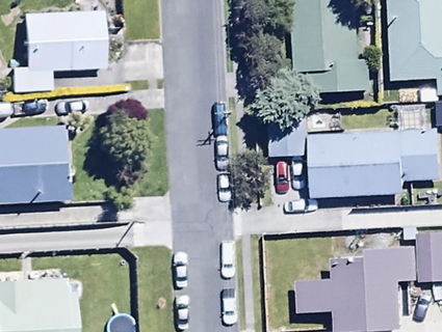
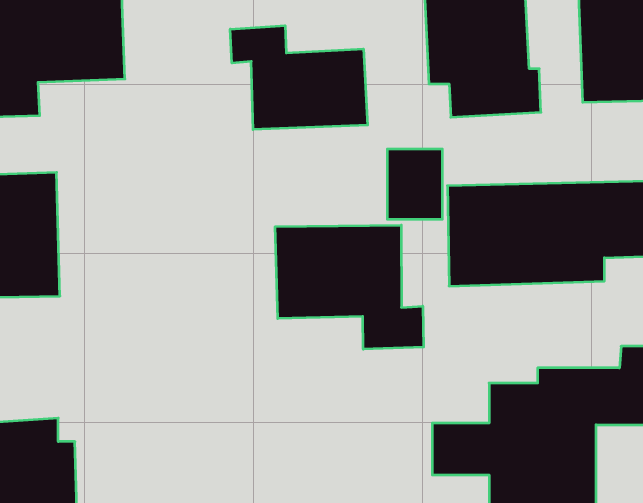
building: none -> [230,26,368,130]
building: none -> [275,225,424,349]

